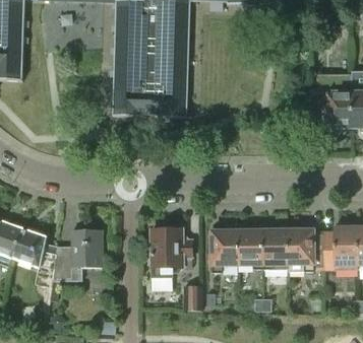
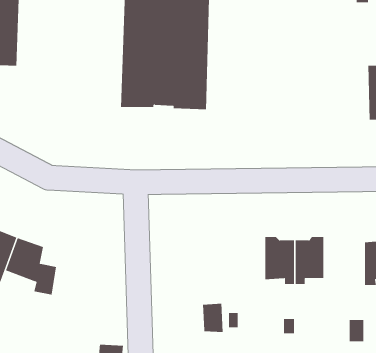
building: [211,227,237,273] -> none
building: [289,227,314,271] -> none
building: [49,228,103,301] -> none
building: [150,228,192,277] -> none

